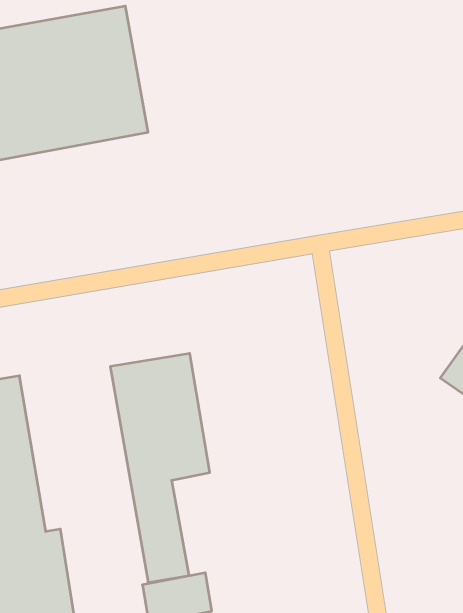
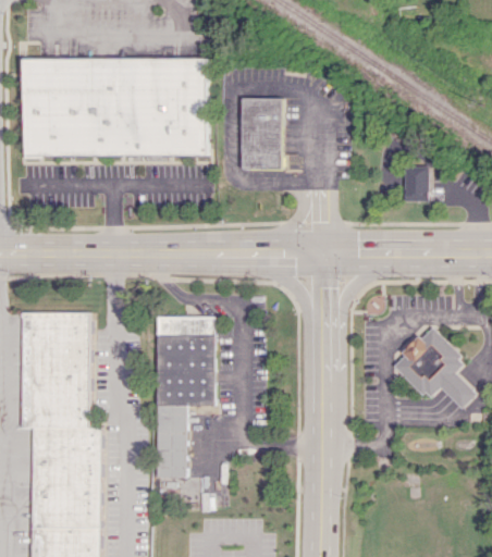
building: none -> [245,98,285,168]
building: none -> [403,165,429,202]

